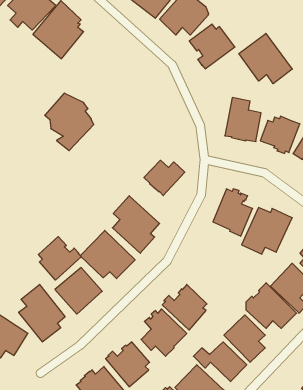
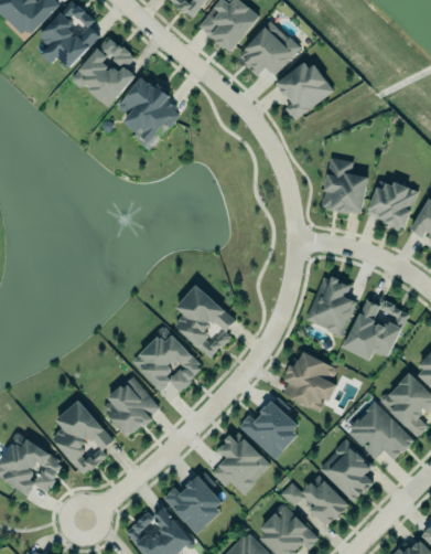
building: [239,33,292,84] -> none
building: [45,93,94,151] -> [115,72,179,147]
building: [144,160,185,196] -> none
building: [38,237,81,280] -> none
building: none -> [282,350,337,411]

